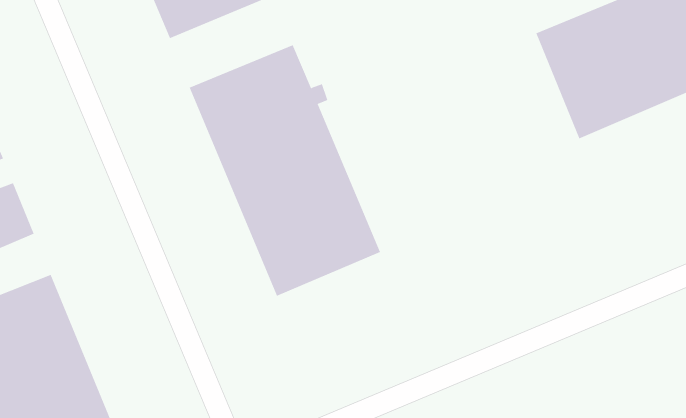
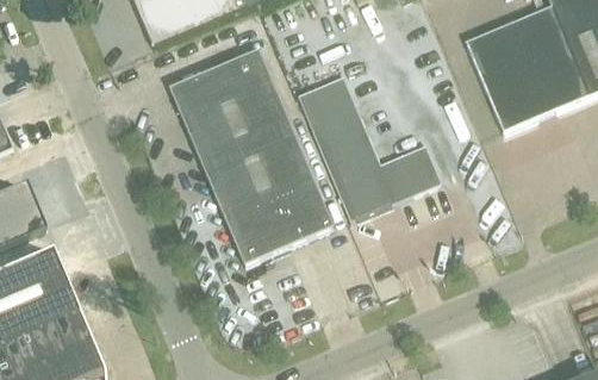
building: none -> [297,74,441,219]

